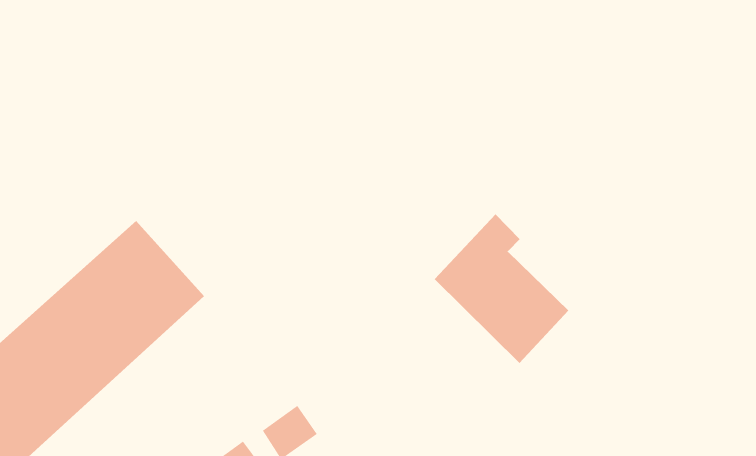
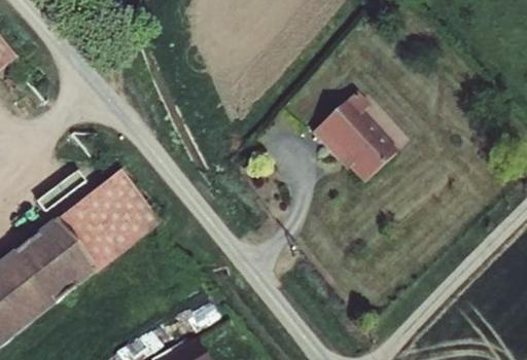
building: [434,213,569,364] -> [312,91,395,186]

